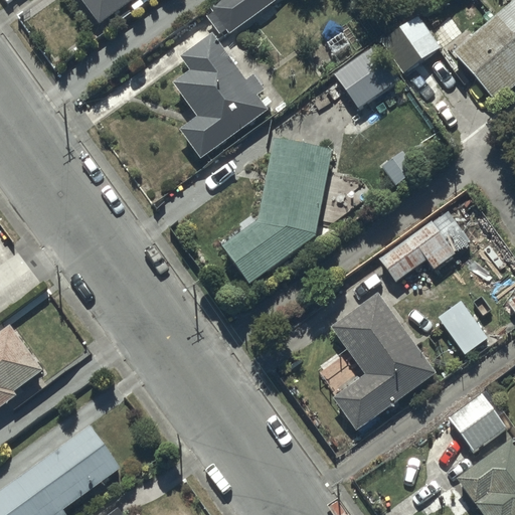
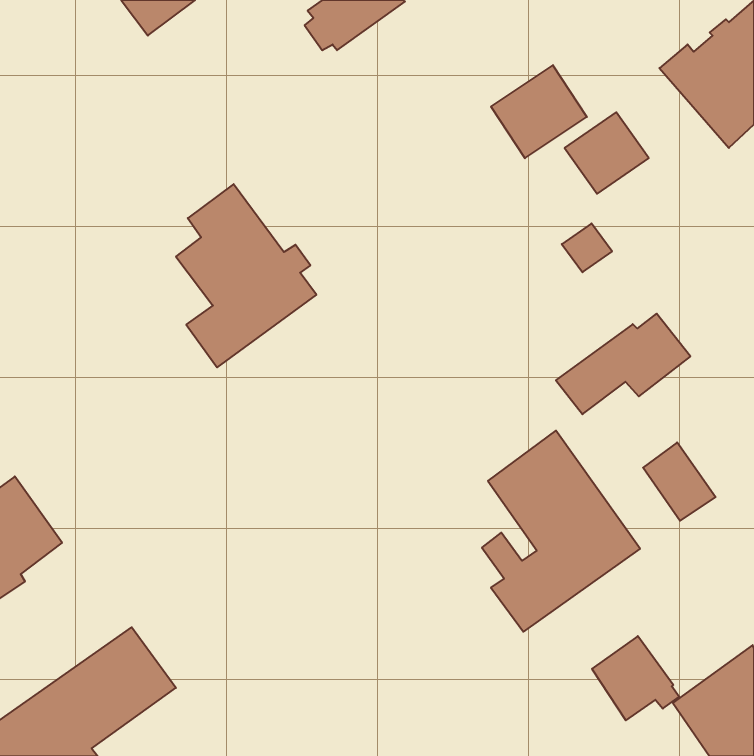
building: [382,16,440,71] -> [565,112,649,194]
building: [173,33,269,158] -> [176,184,316,367]
building: [223,139,332,284] -> none
building: [450,394,509,452] -> [592,636,679,720]

